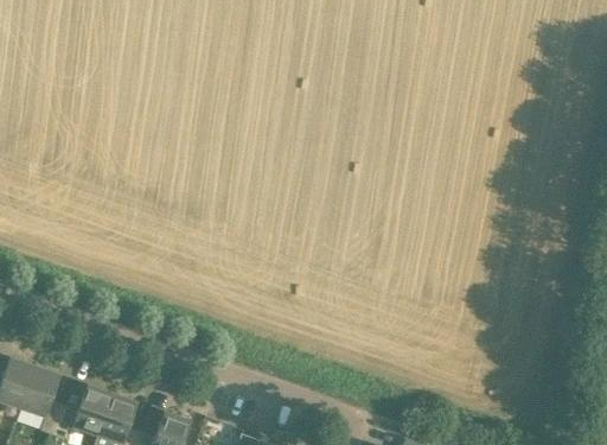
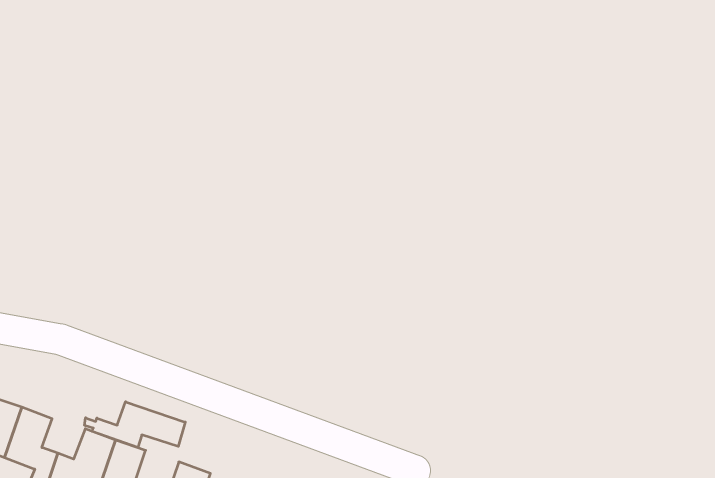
building: none -> [85,402,185,447]

